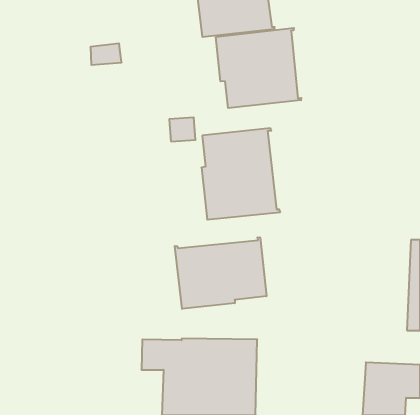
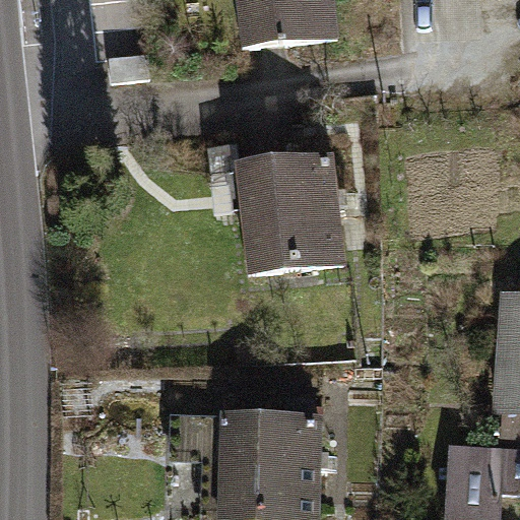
building: [216,28,301,108] -> none
building: [175,237,266,309] -> none

